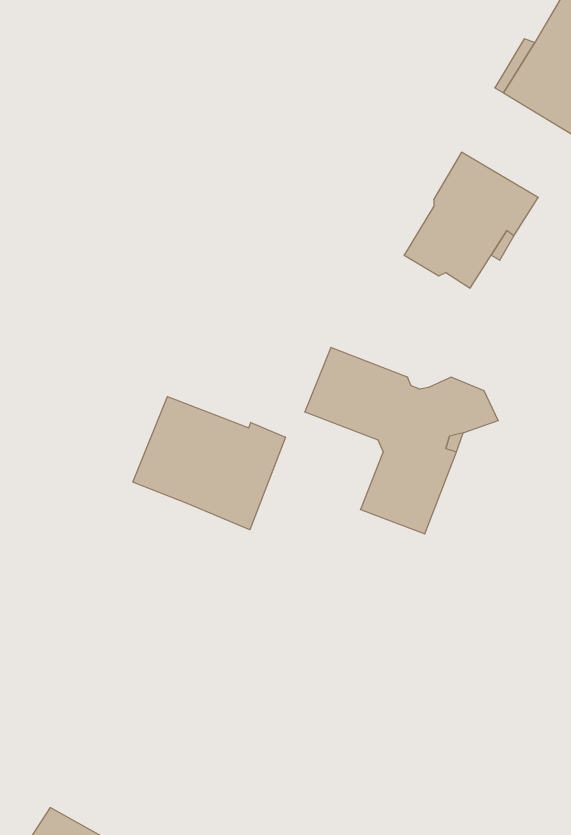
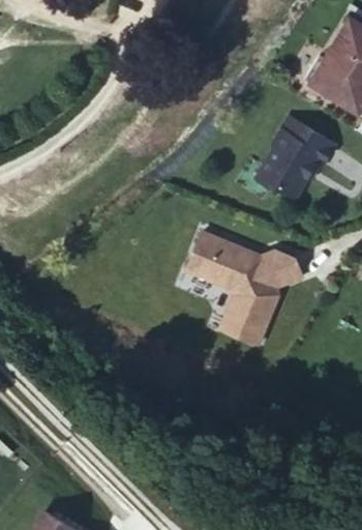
building: [133,397,285,530] -> none

